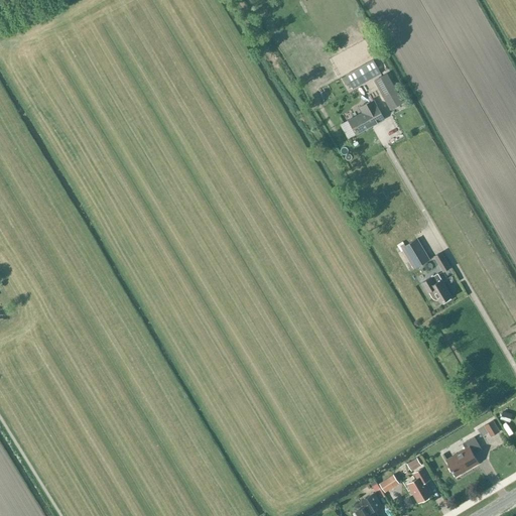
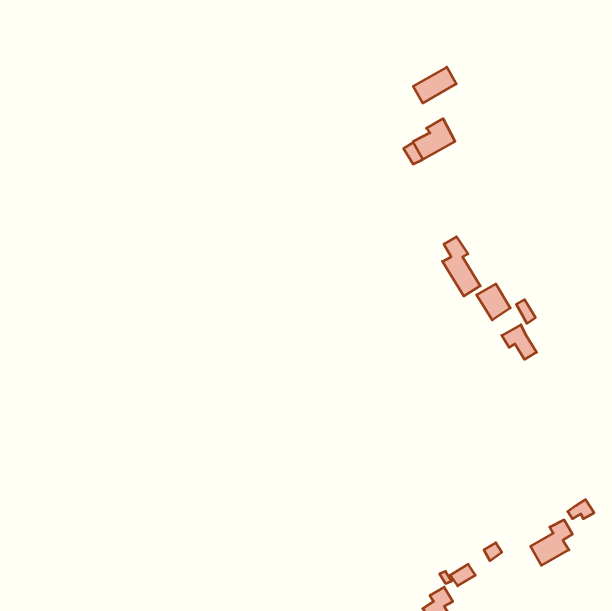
building: [374,75,402,110] -> none
building: none -> [442,237,480,296]
building: [408,469,431,502] -> none

